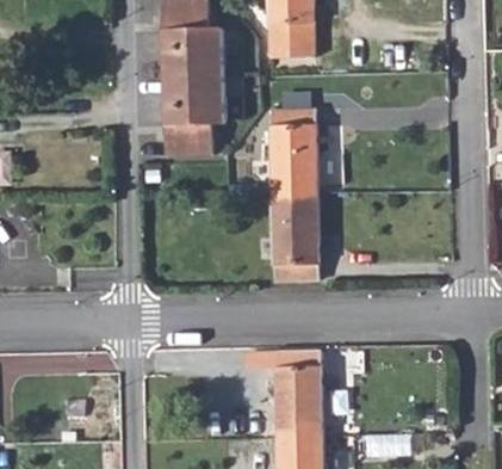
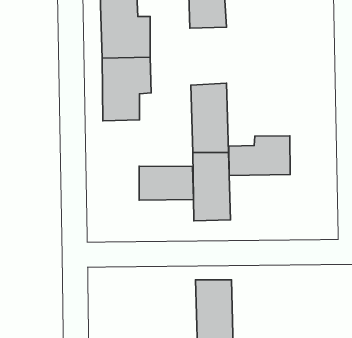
building: none -> [229,136,290,176]
building: none -> [139,166,193,200]

